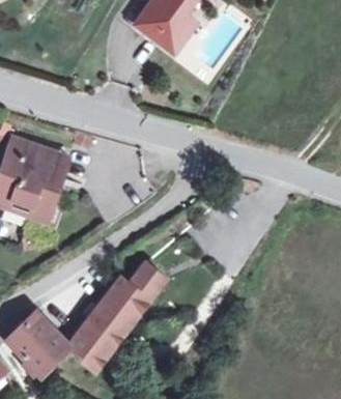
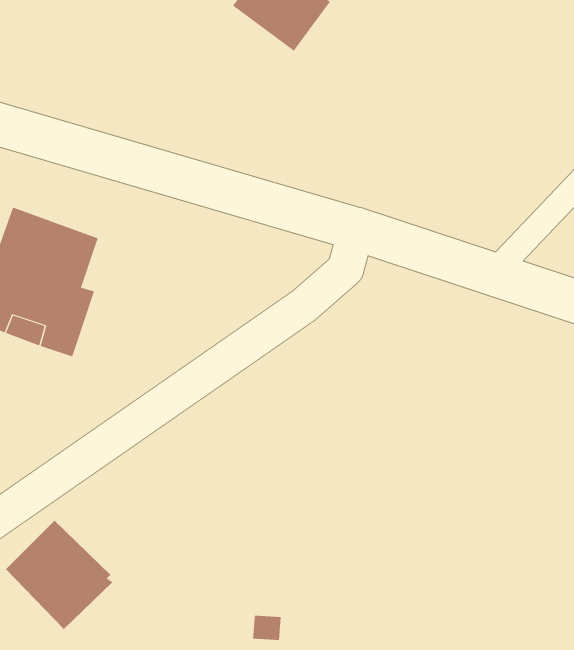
building: [66,262,166,369] -> none

